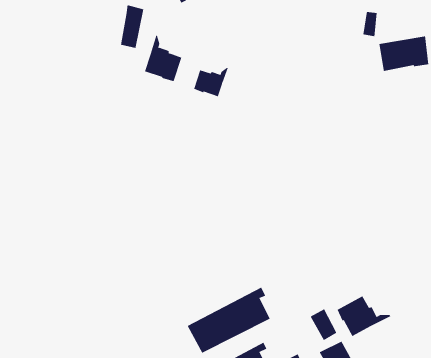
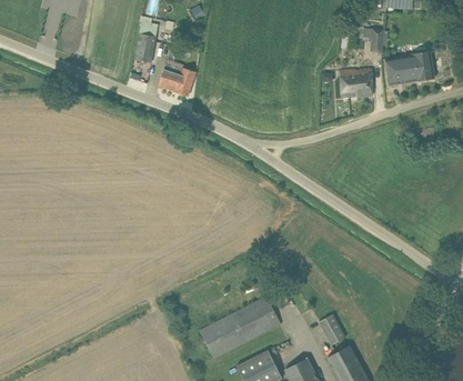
building: none -> [339,68,371,98]
building: [193,67,229,97] -> none
building: [337,296,391,337] -> none

